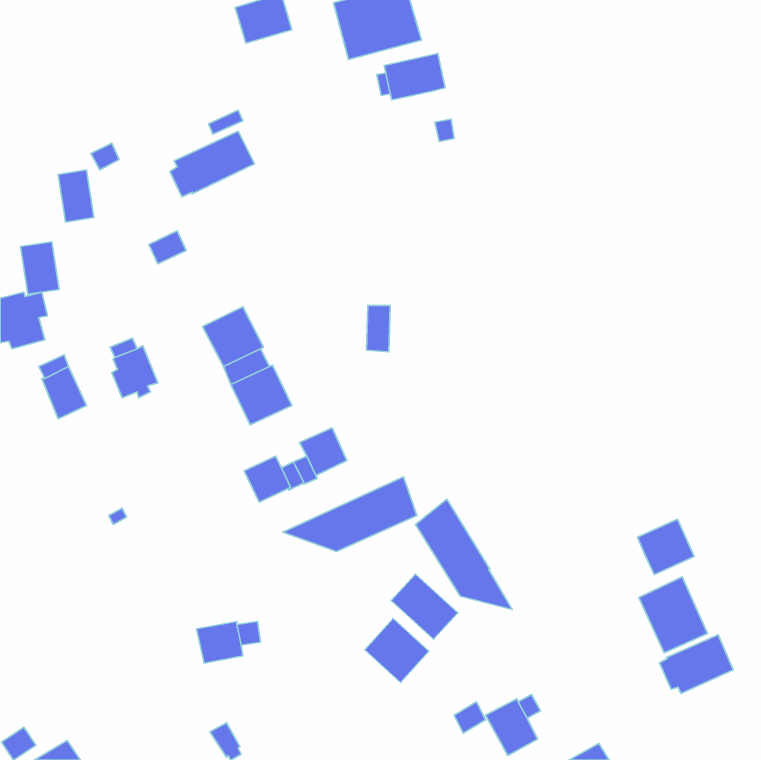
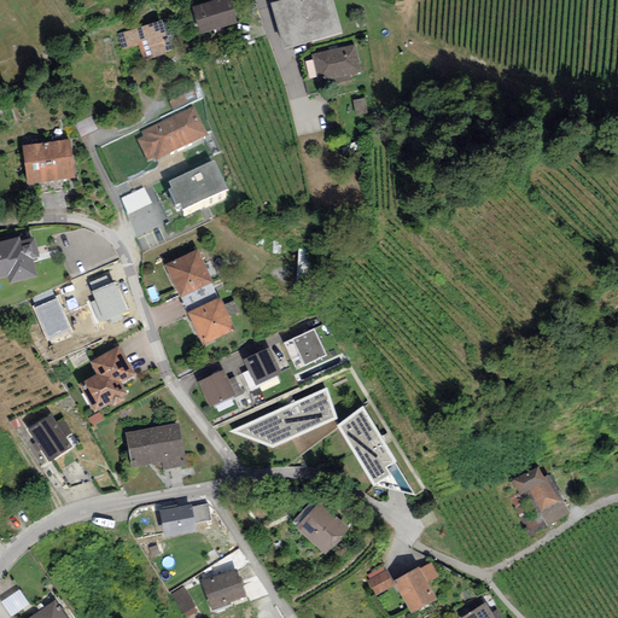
building: none -> [117,19,170,60]
building: none -> [168,159,228,209]
building: [20,242,59,294] -> [22,141,53,183]
building: none -> [292,327,327,365]
building: none -> [77,345,134,412]
building: none -> [28,414,74,461]
building: [637,519,694,575] -> none
building: none -> [126,422,186,470]
building: [391,574,458,639] -> none
building: [659,635,733,694] -> none
building: none -> [200,569,246,611]

